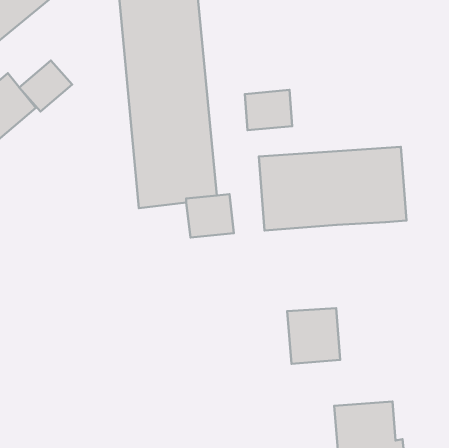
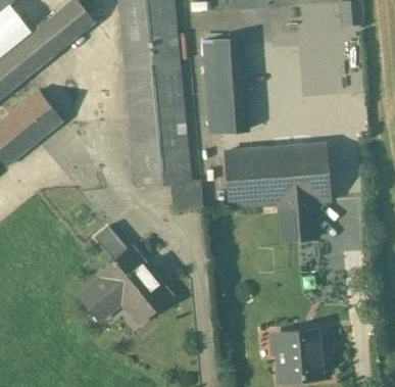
building: none -> [207,41,245,105]
building: [19,60,72,112] -> none
building: none -> [79,226,170,322]
building: [287,308,340,364] -> [280,199,318,240]

